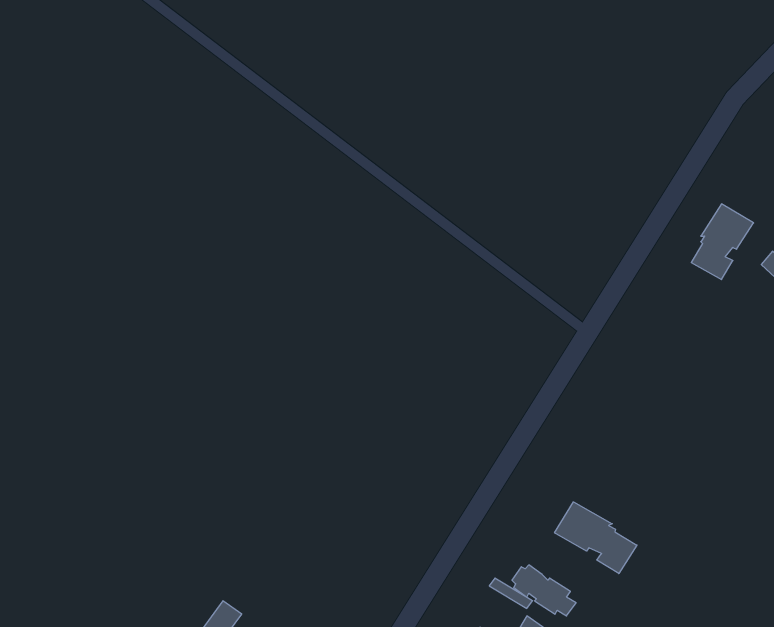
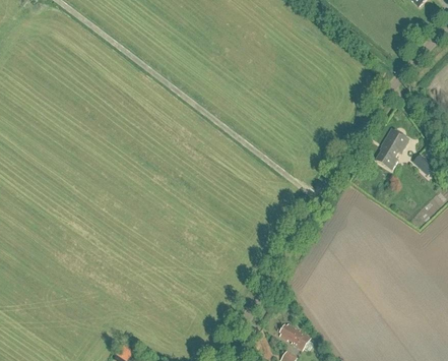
building: [555,502,637,574] -> none

